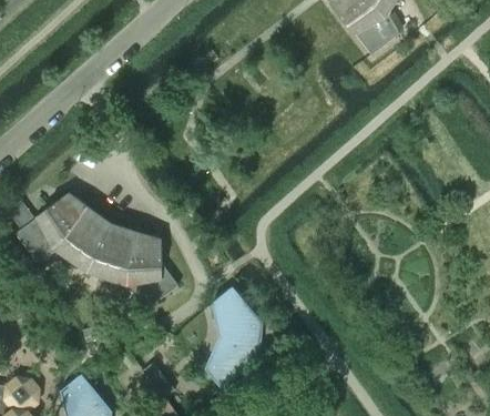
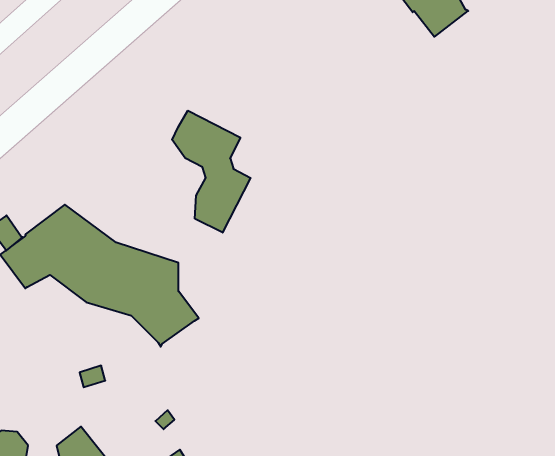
building: none -> [172,111,251,233]
building: [205,286,262,388] -> none

